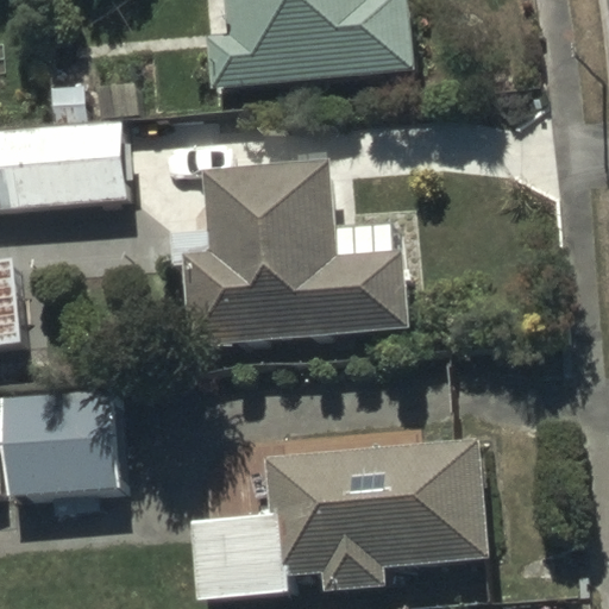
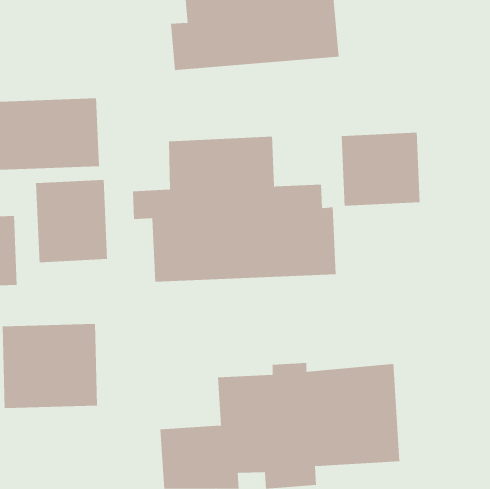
building: none -> [341,132,420,206]
building: none -> [36,179,108,263]

